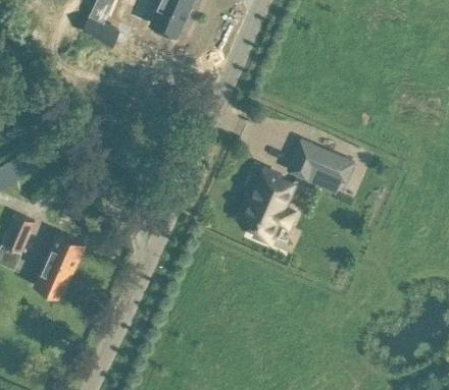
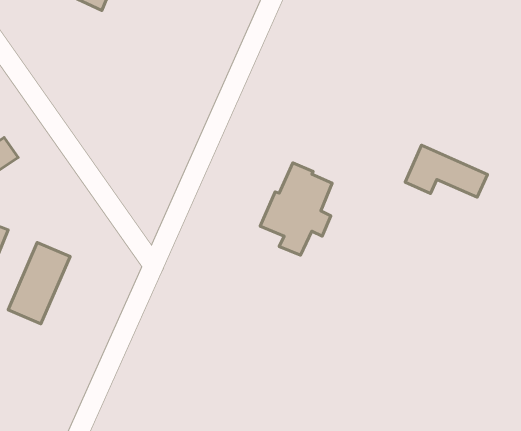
building: [288,141,354,182] -> [405,145,487,197]

